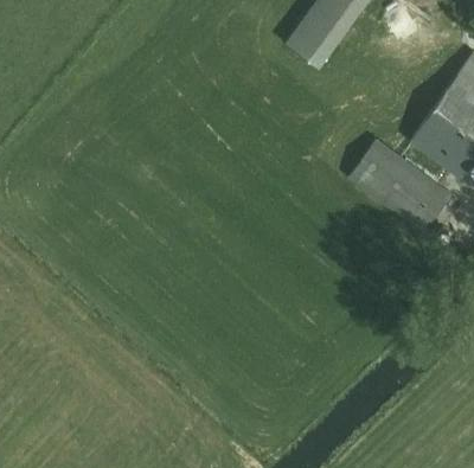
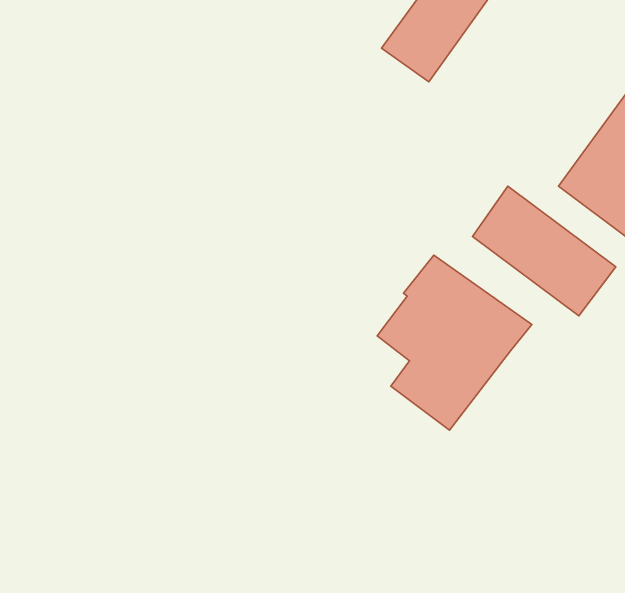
building: none -> [377,255,532,430]

